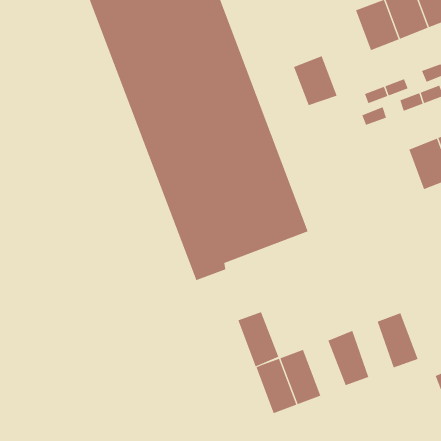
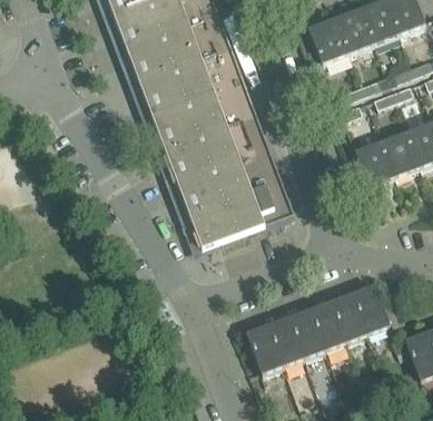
building: [293,55,337,106] -> [308,18,347,62]
building: none -> [354,140,394,186]
building: [237,311,279,367] -> [288,309,325,358]
building: none -> [332,292,367,341]

